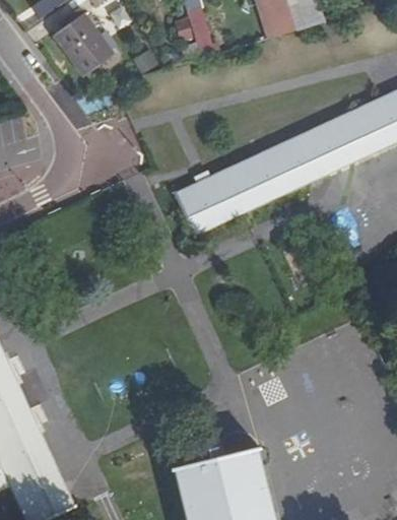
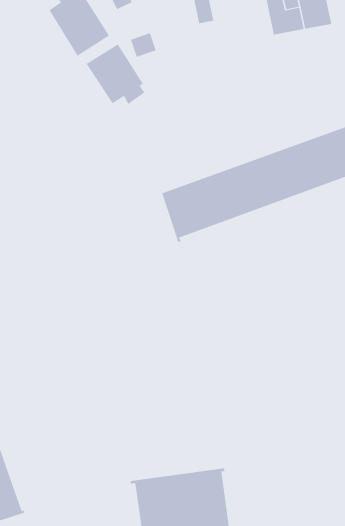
building: none -> [86,44,145,105]

